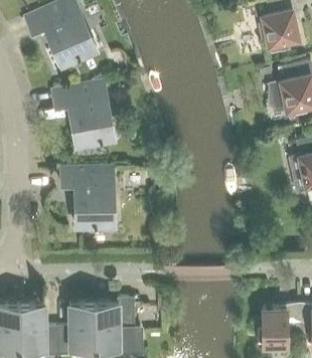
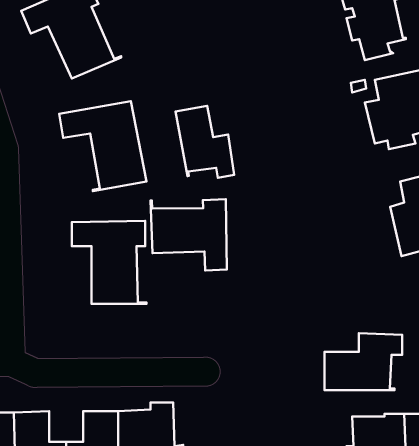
building: none -> [176,106,234,178]
building: none -> [151,199,227,270]
building: none -> [325,333,402,390]

